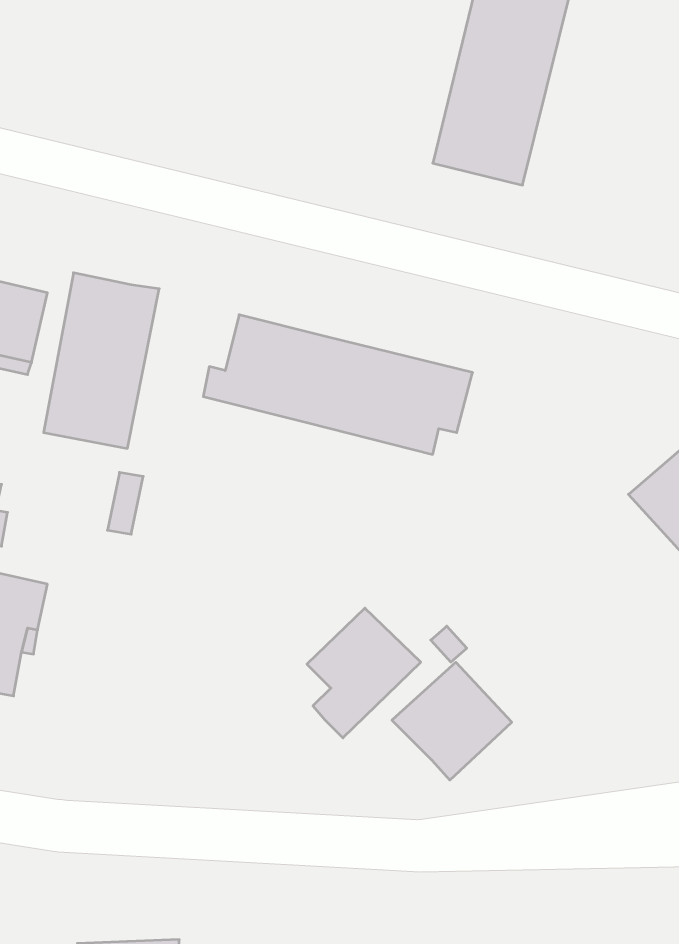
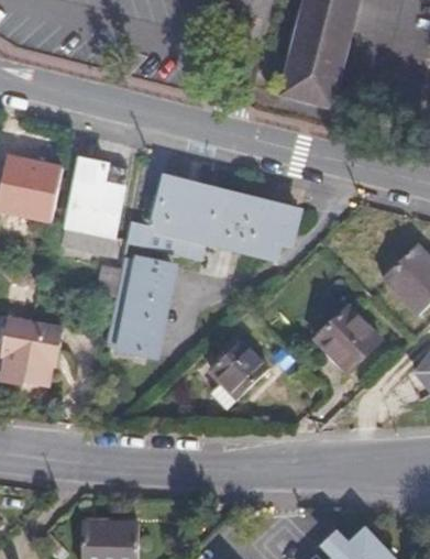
building: none -> [130,219,207,262]
building: none -> [106,260,170,355]
building: [392,662,512,780] -> [313,308,379,373]

